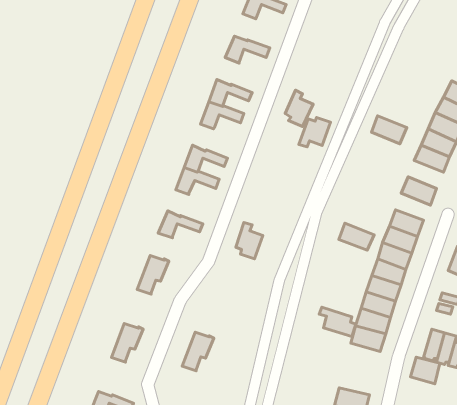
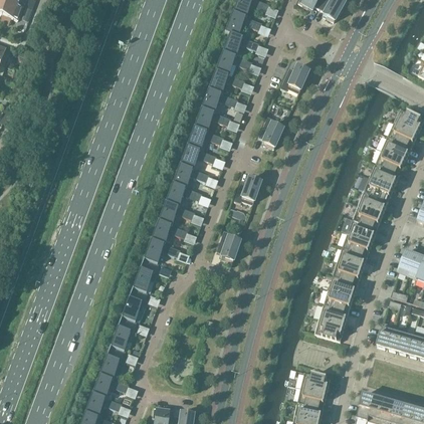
building: none -> [216,50,253,73]
building: none -> [281,65,308,89]
building: none -> [201,87,238,112]
building: [372,116,407,144] -> [365,176,395,200]
building: [299,118,330,147] -> [234,177,261,202]
building: none -> [180,145,217,168]
building: none -> [159,201,196,224]
building: [339,223,374,250] -> [354,204,384,227]
building: none -> [144,238,181,261]
building: [319,307,356,337] -> none
building: [182,332,214,371] -> [122,286,149,320]
building: [410,357,440,384] -> none
building: none -> [99,345,127,378]

